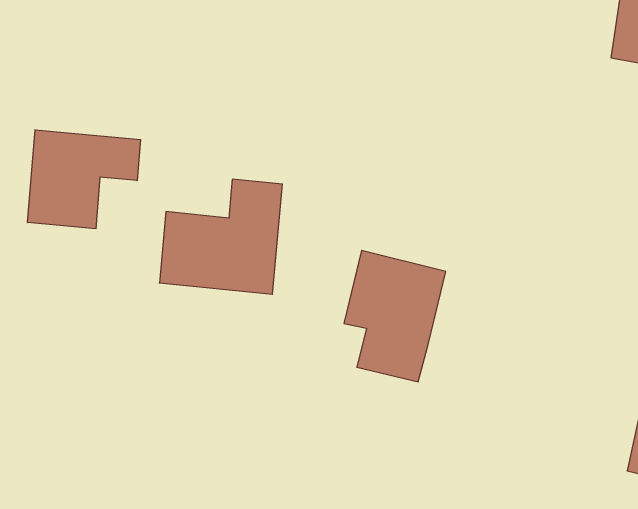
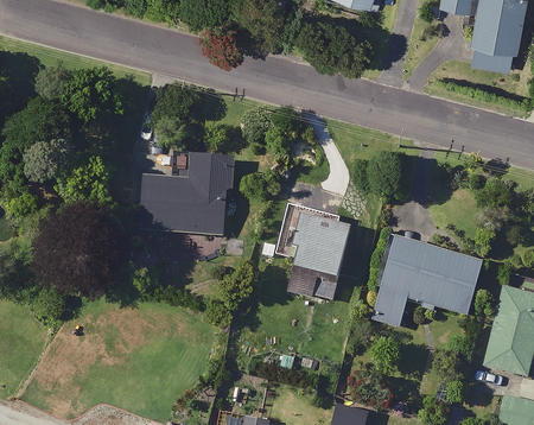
building: [28,130,141,229] -> none
building: none -> [371,236,481,326]

